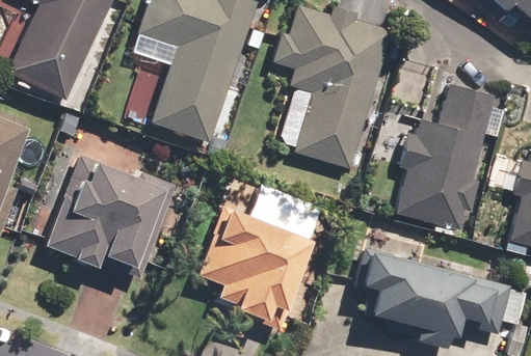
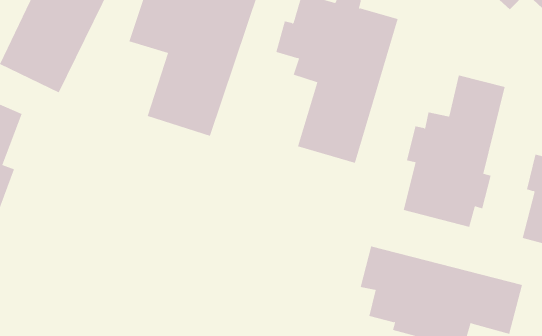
building: [42,154,177,283] -> none
building: [196,207,312,321] -> none

